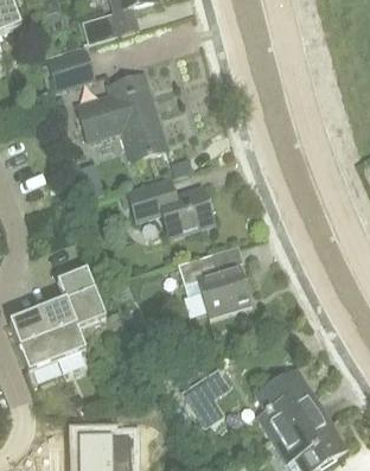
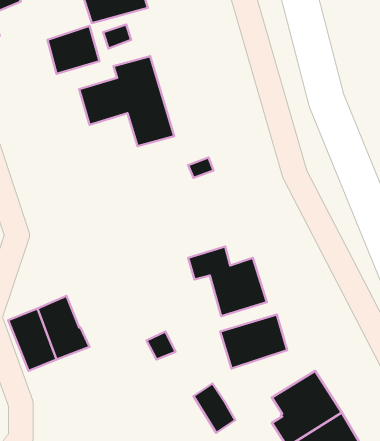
building: [127,177,212,235] -> none
building: [56,266,106,326] -> none
building: none -> [220,315,287,368]

